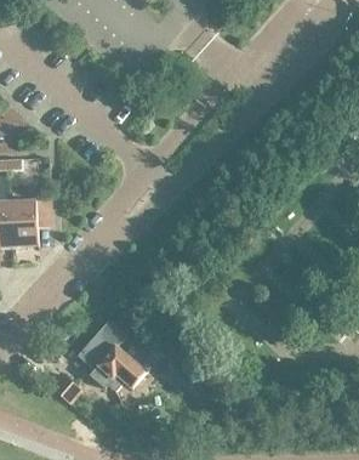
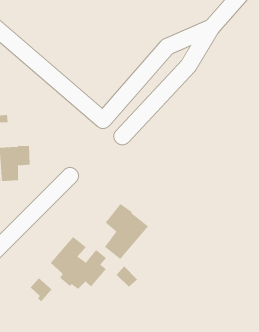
building: none -> [104,203,149,260]

